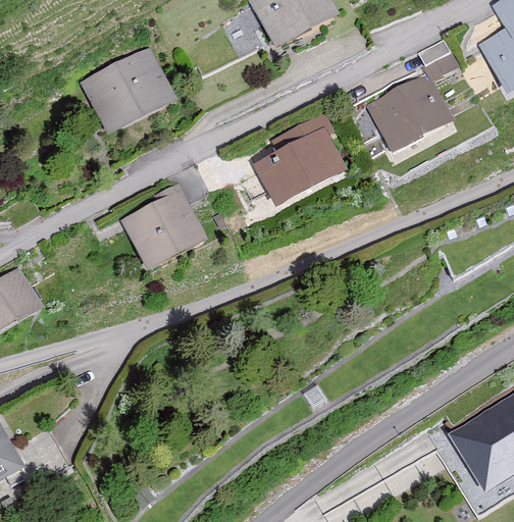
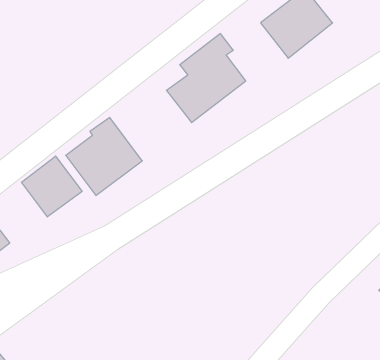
building: [81,47,176,134] -> none
building: none -> [22,156,82,217]

